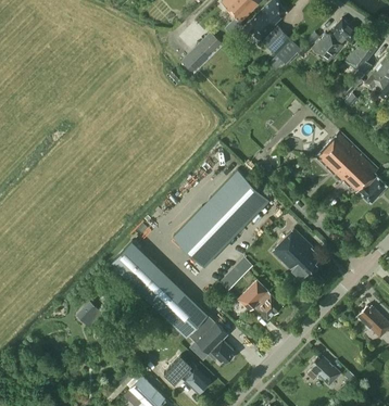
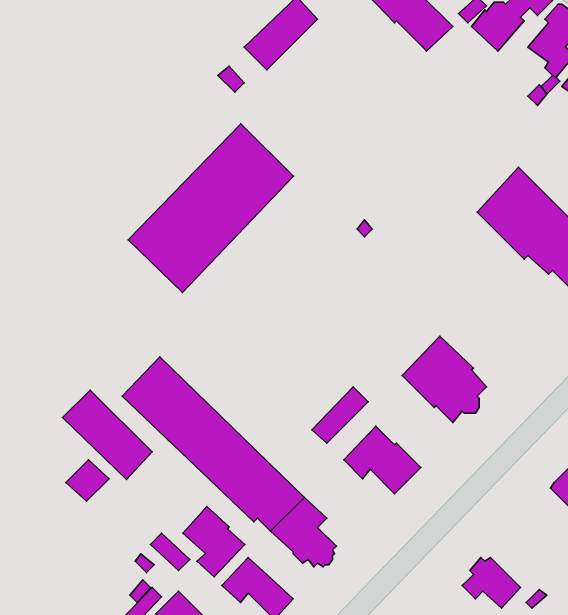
building: [173,169,268,267] -> [128,124,293,292]
building: none -> [62,390,152,479]
building: none -> [183,507,245,577]

